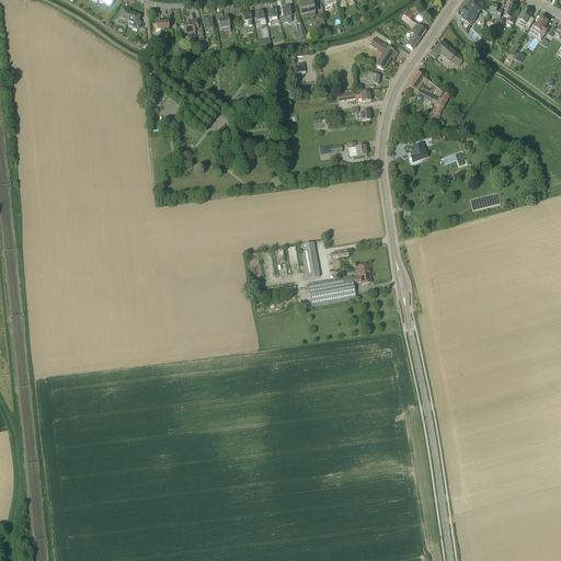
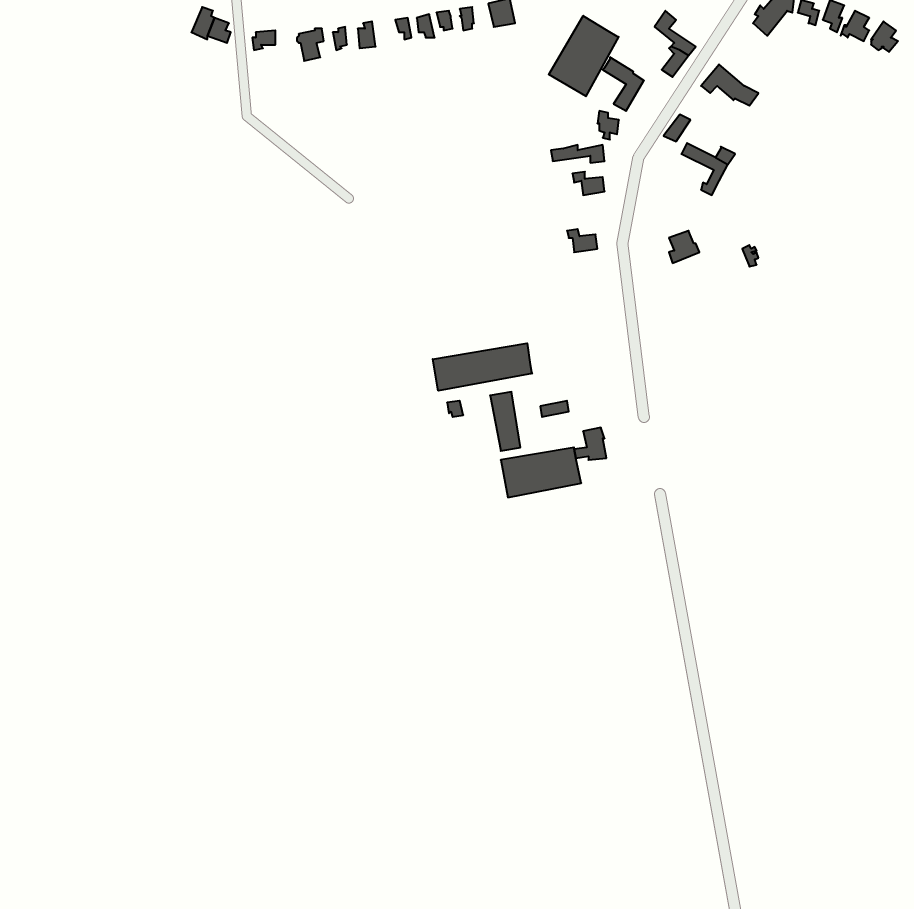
building: none -> [549,16,619,96]
building: none -> [433,343,532,391]

